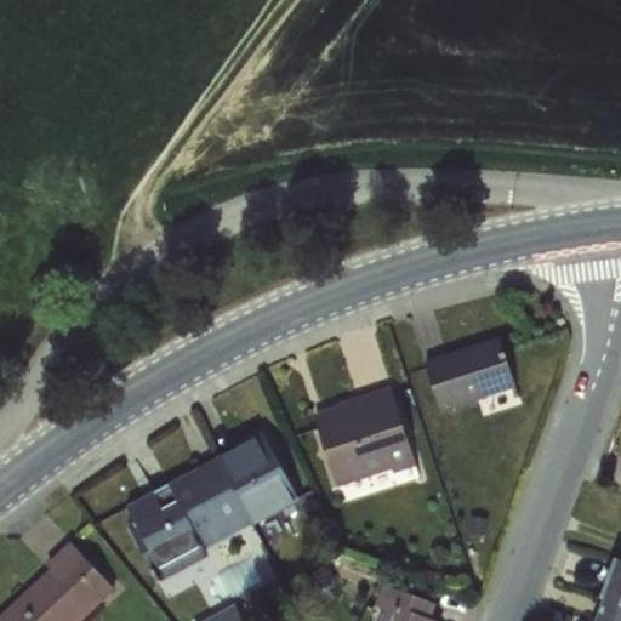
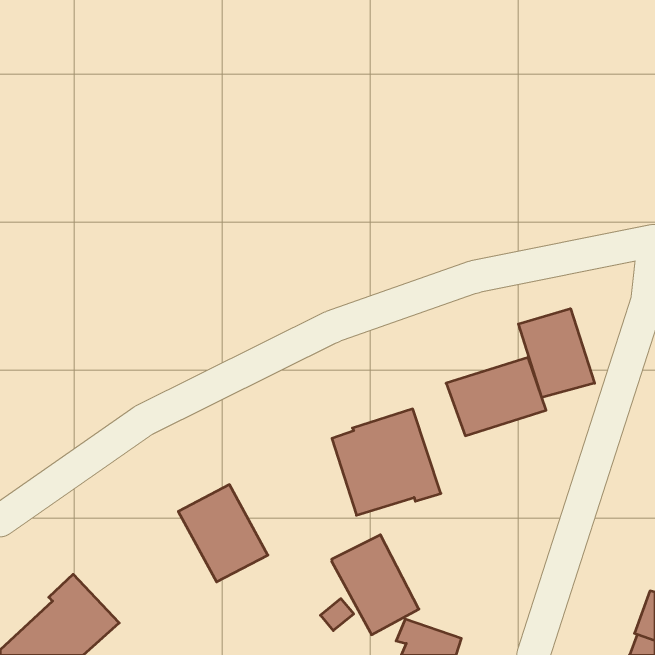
building: none -> [518,309,595,398]
building: [217,433,300,528] -> [332,535,419,635]
building: [125,484,210,585] -> none

